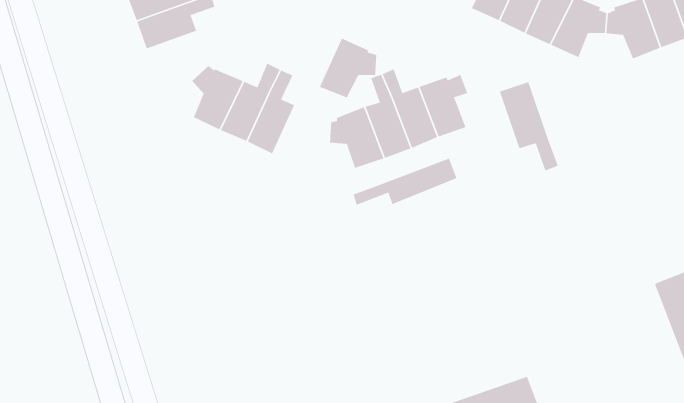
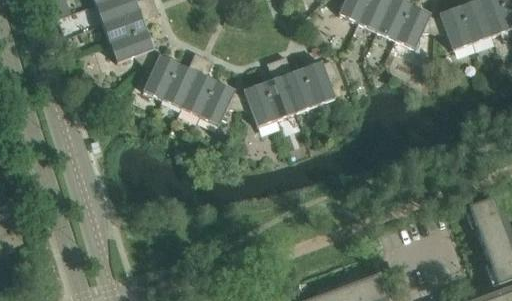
building: none -> [109,29,153,64]
building: [319,38,377,99] -> [198,81,239,124]
building: [499,81,559,171] -> none
building: [352,157,458,206] -> none

